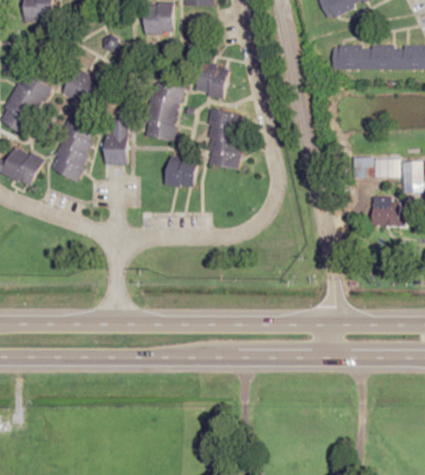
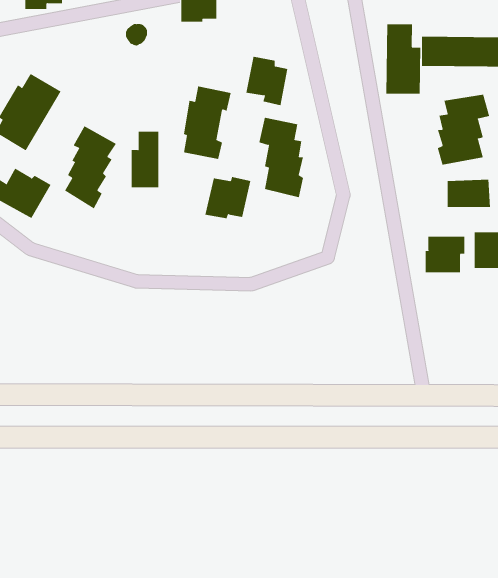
building: none -> [386,23,421,95]
building: [61,68,102,111] -> none
building: none -> [437,94,490,165]
building: none -> [425,236,465,273]

